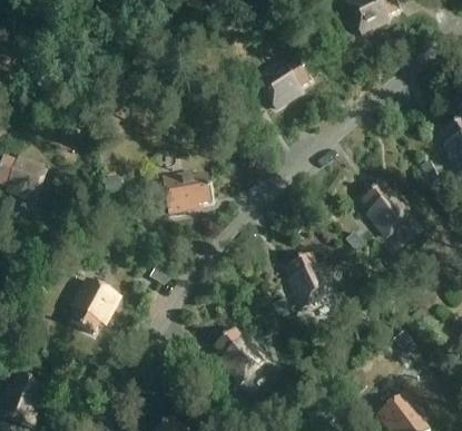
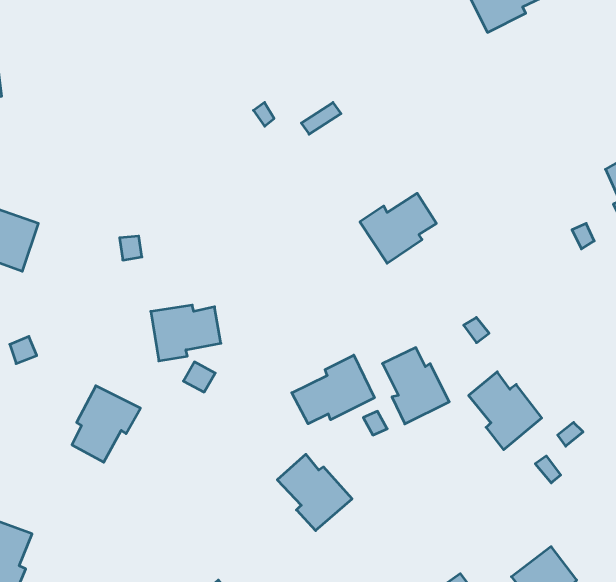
building: [256,59,309,108] -> [360,193,436,263]
building: [163,174,212,213] -> [151,305,221,361]
building: [362,183,413,237] -> [469,372,542,450]
building: none -> [292,355,374,424]

